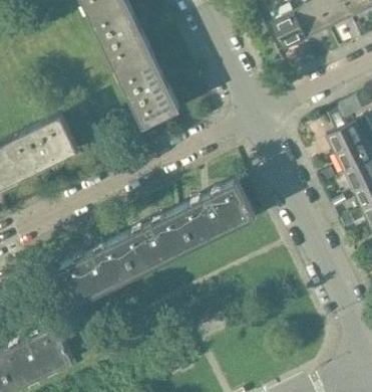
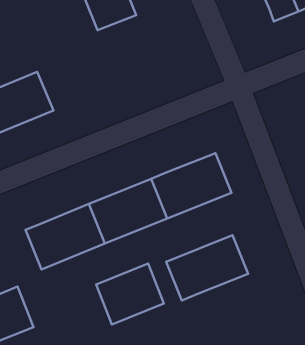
building: [115,53,179,128] -> none
building: none -> [166,235,248,300]
building: none -> [96,264,164,324]

